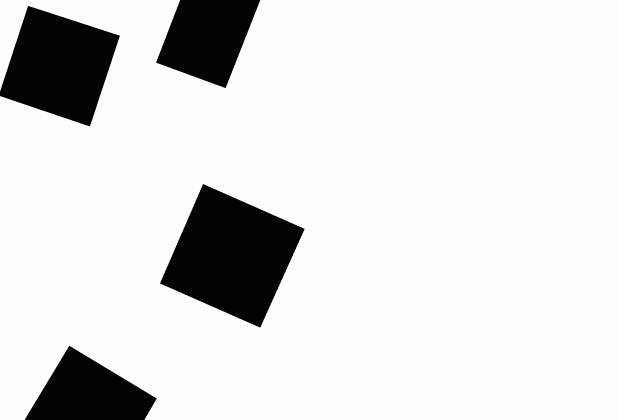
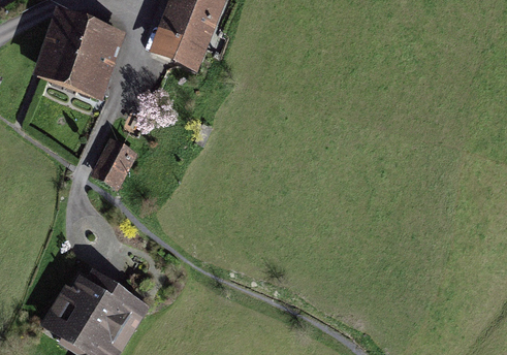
building: none -> [92,134,139,185]
building: [159,183,305,328] -> none

